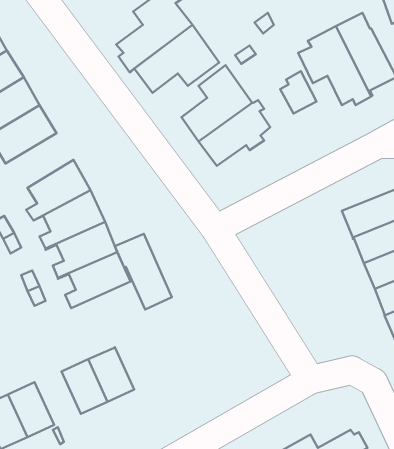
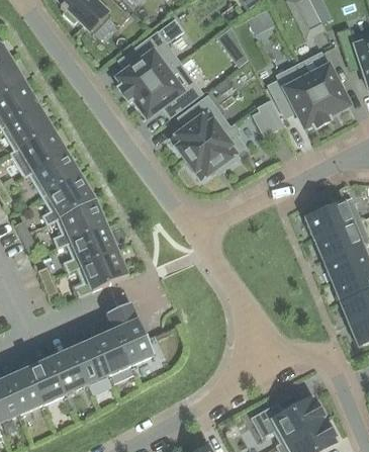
building: none -> [24,152,81,197]
building: [115,234,172,309] -> [106,302,154,365]
building: none -> [49,350,87,394]

